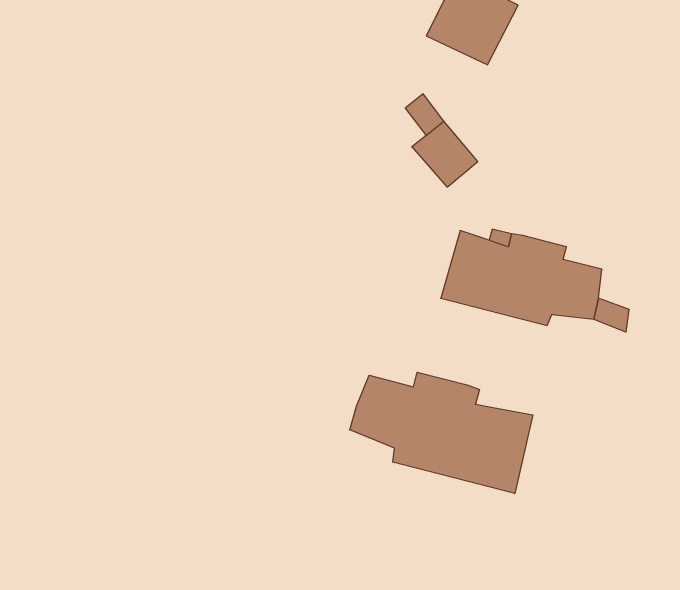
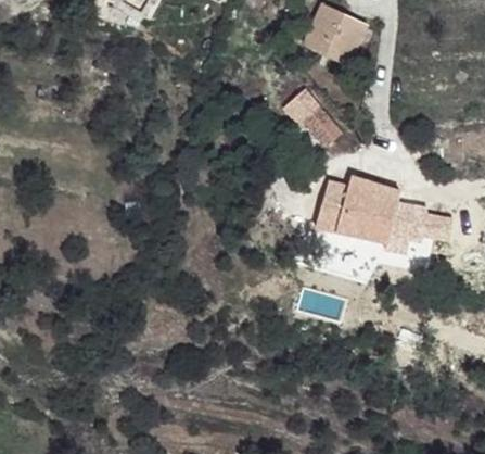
building: [350,372,533,494] -> none

